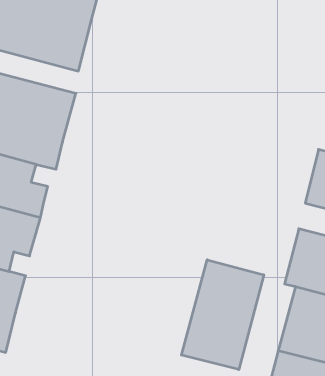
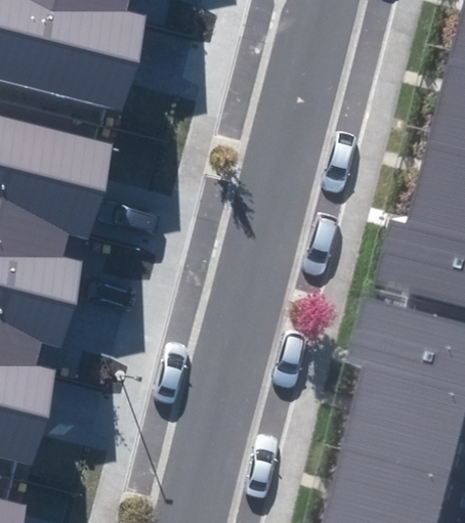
building: [181,260,264,370] -> none

